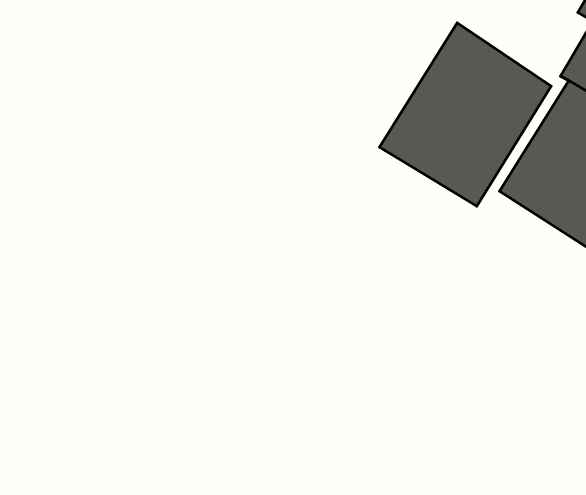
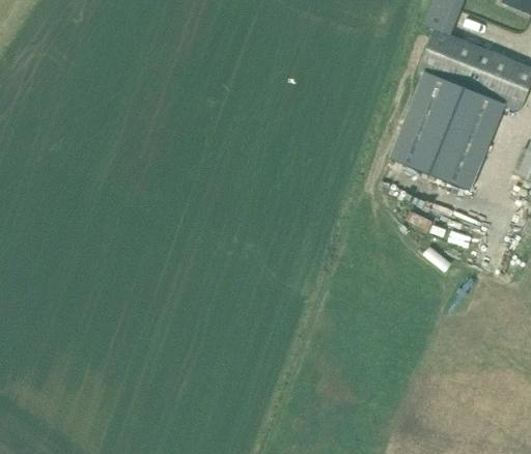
building: [380,23,551,206] -> none

